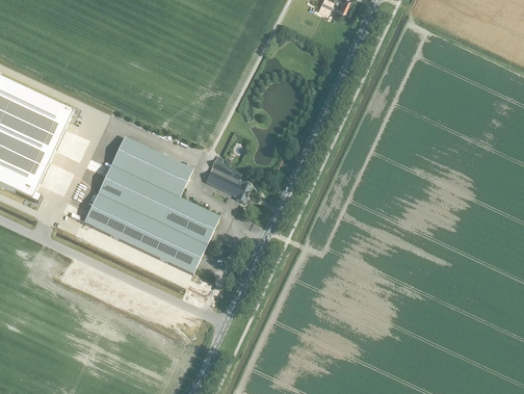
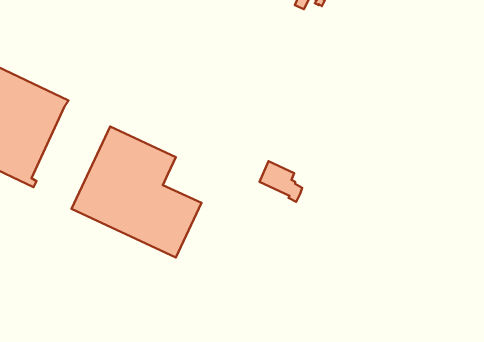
building: [204,159,248,202] -> [260,161,302,202]

